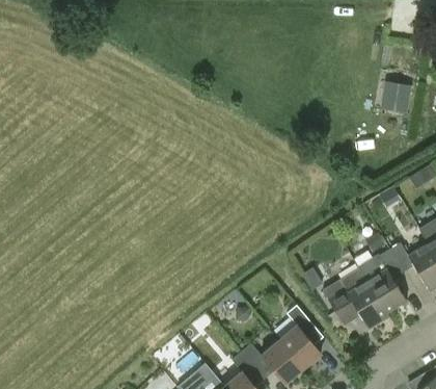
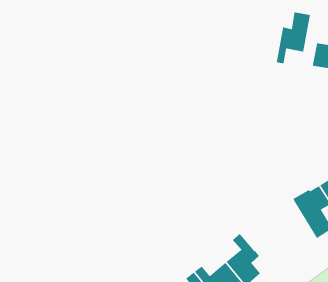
building: none -> [276,11,311,64]
building: [323,268,389,330] -> none

